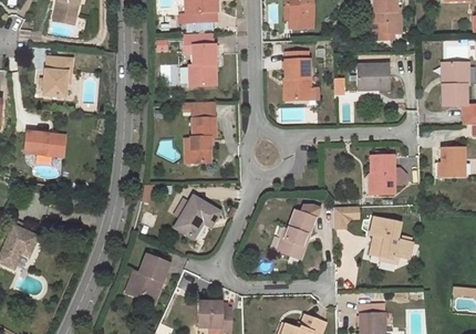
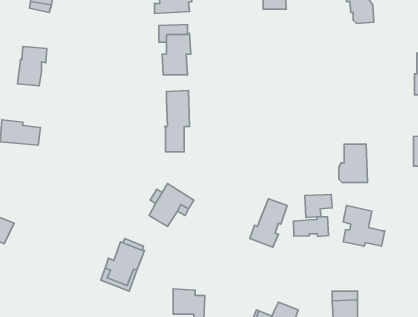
building: [284,59,318,100] -> none
building: [356,63,390,90] -> none
building: none -> [293,217,329,237]

